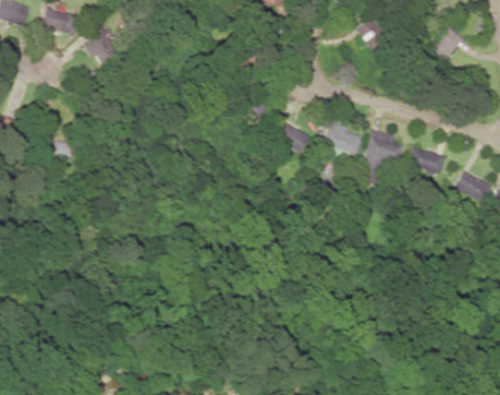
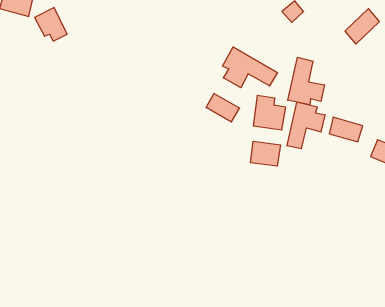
building: none -> [222,47,278,88]
building: none -> [288,57,324,105]
building: none -> [251,141,281,166]

